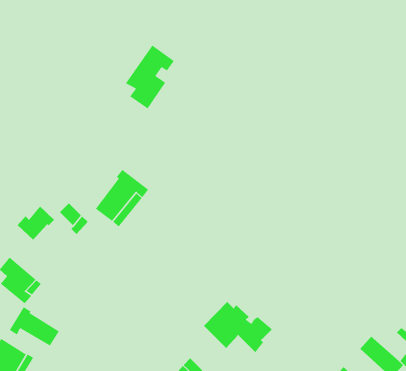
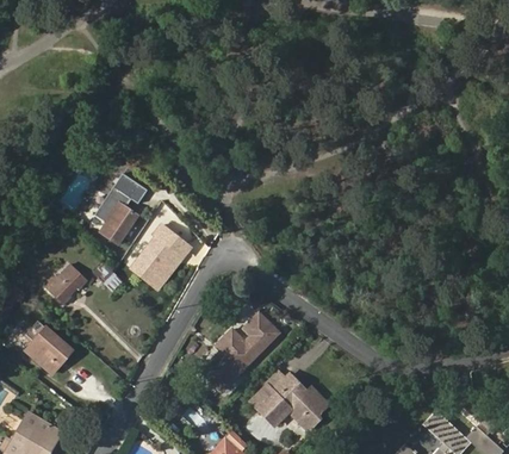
building: [125,44,175,109] -> [93,172,148,243]
building: none -> [199,315,274,390]
building: [9,306,60,346] -> none

